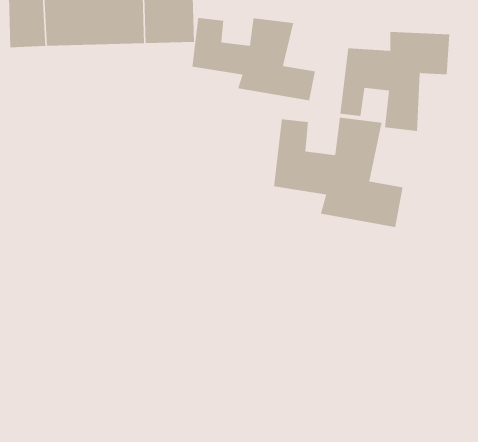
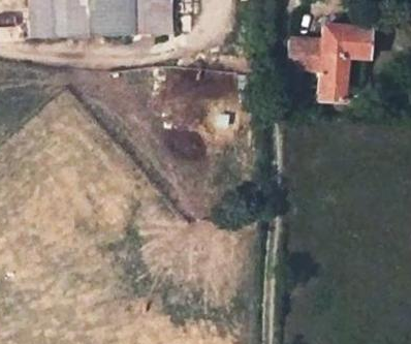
building: [192,17,316,101] -> none
building: [273,117,403,228] -> none

